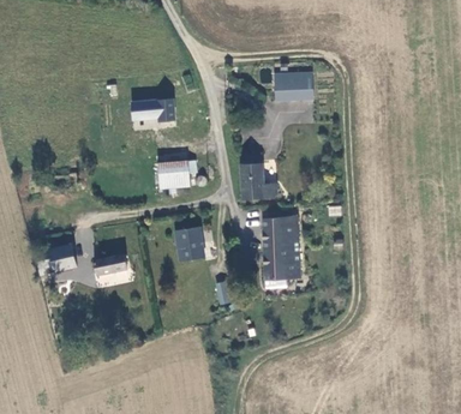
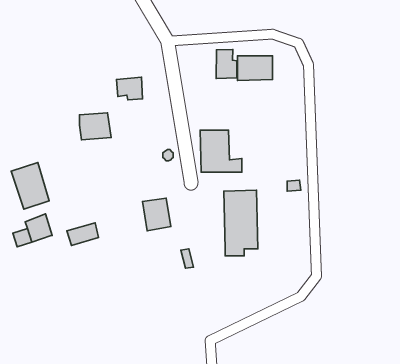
building: none -> [216,50,237,78]
building: [158,160,192,188] -> [79,113,111,140]
building: none -> [11,162,49,209]

